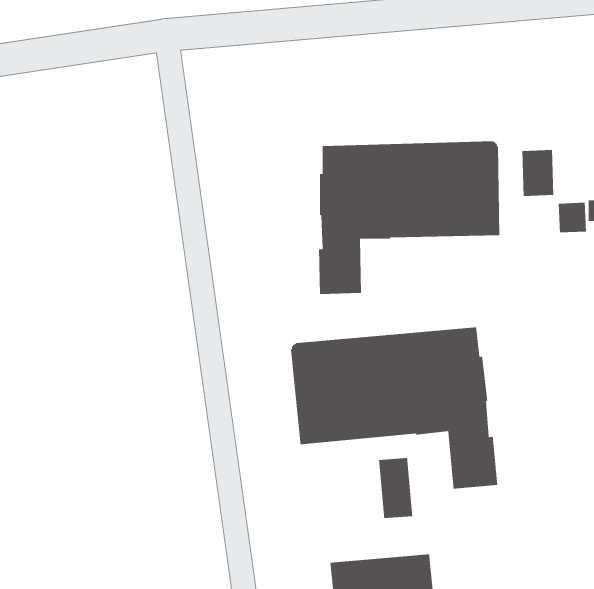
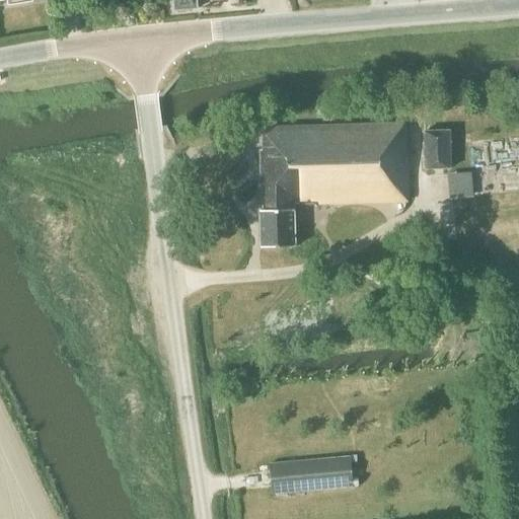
building: [290,327,498,490] -> none
building: [378,457,413,519] -> none

